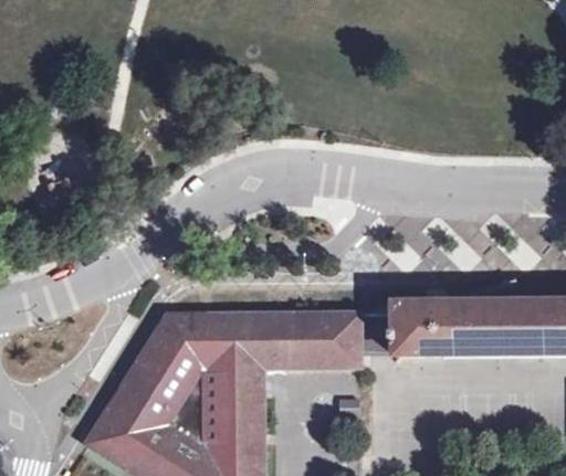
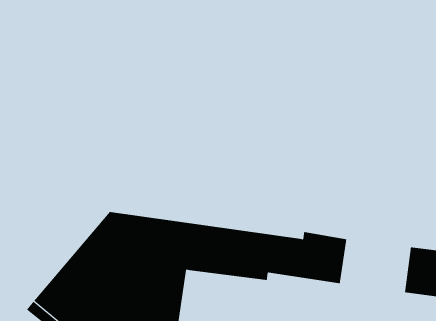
building: [444,300,520,356] -> none

